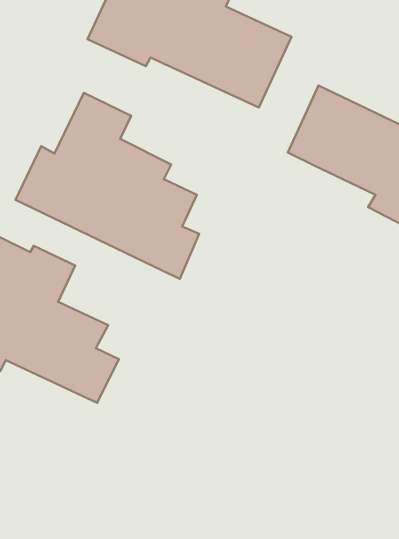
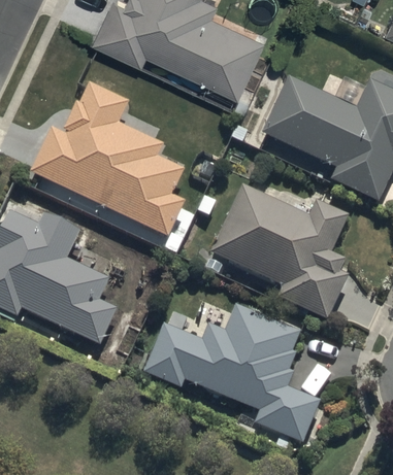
building: none -> [211,184,349,321]
building: none -> [143,305,321,449]

